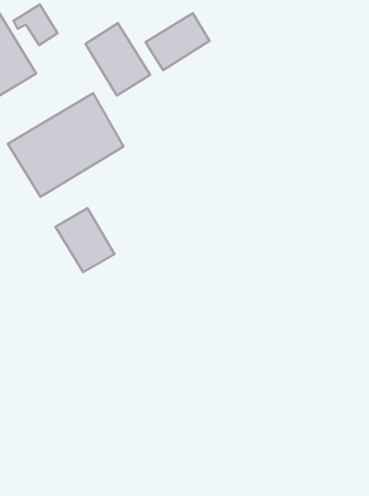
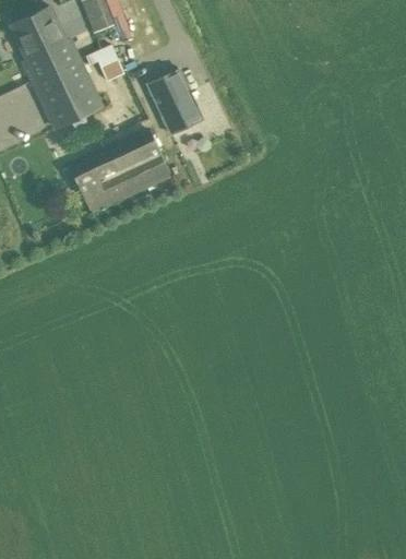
building: [146,13,209,70] -> none
building: [55,208,115,272] -> none

